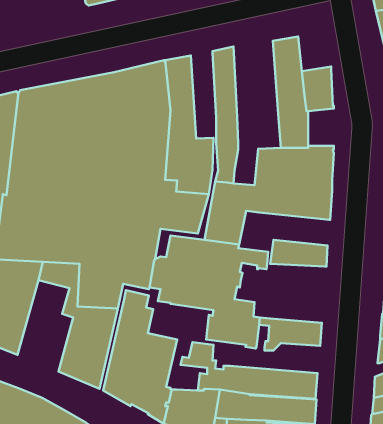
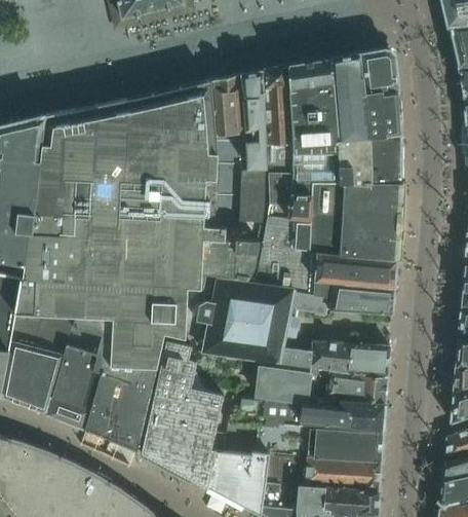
building: none -> [360,50,397,94]
building: none -> [287,60,341,222]
building: none -> [239,71,265,170]
building: none -> [372,136,400,178]
building: none -> [292,251,395,297]
building: none -> [44,329,107,432]
building: none -> [310,342,390,377]
building: none -> [264,400,385,431]

